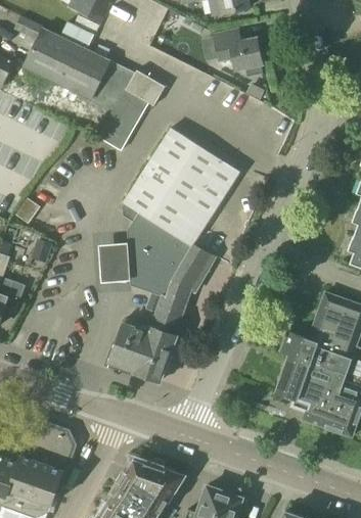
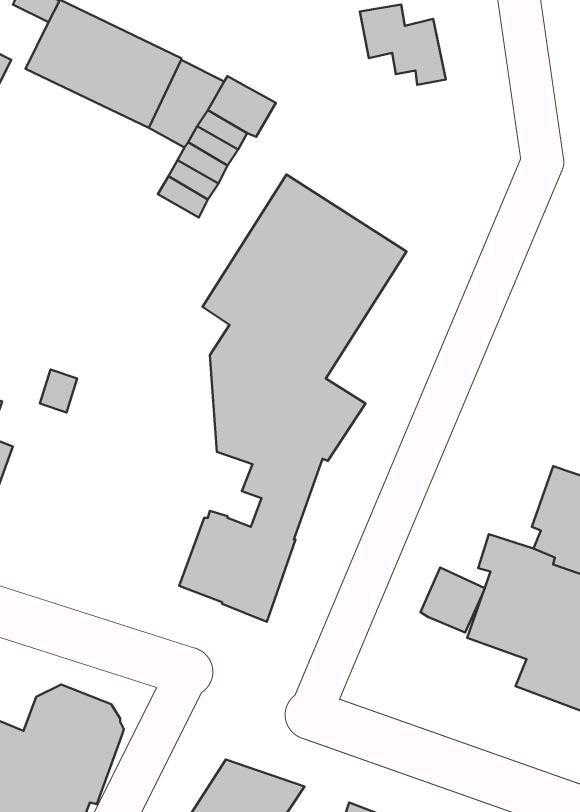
building: [98,242,129,280] -> none
building: none -> [421,568,485,633]

